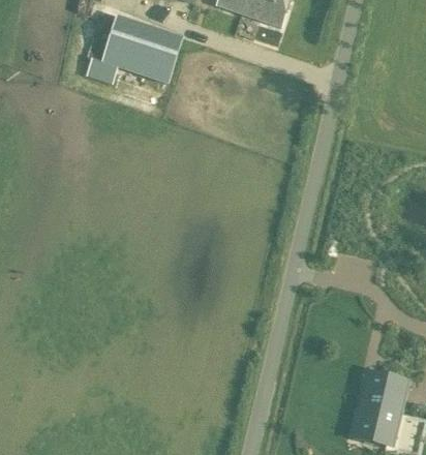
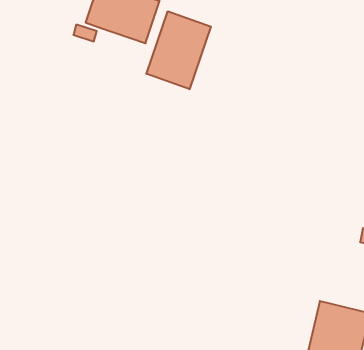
building: none -> [146,11,211,89]

